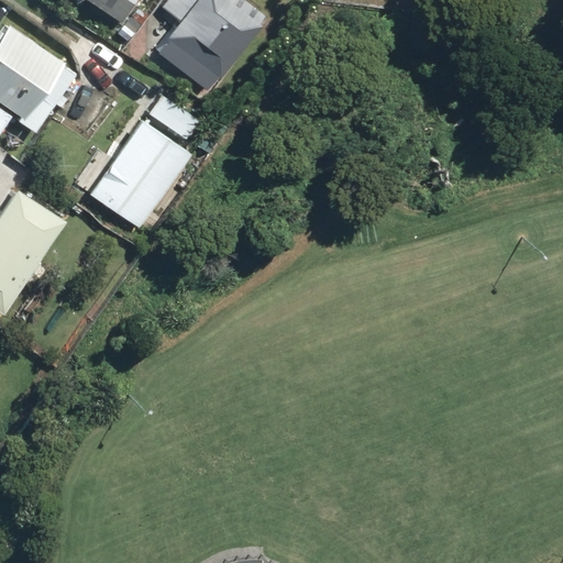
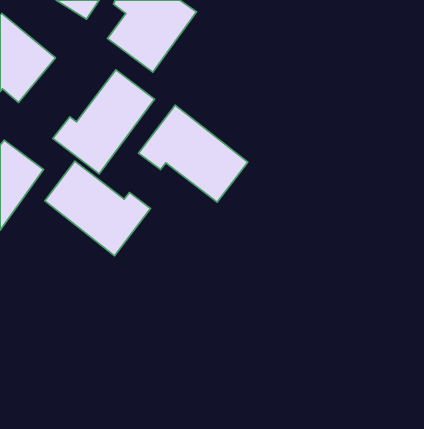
building: none -> [139,105,248,202]
building: none -> [45,161,151,256]

